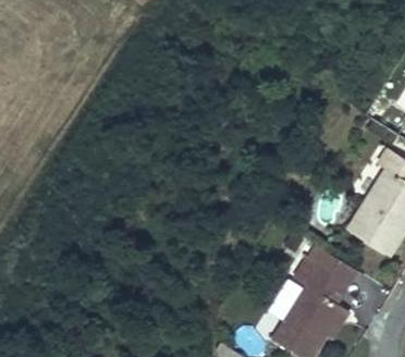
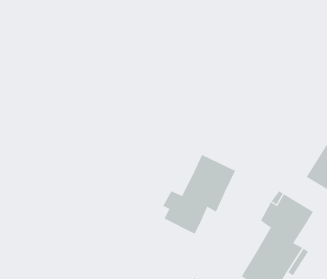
building: none -> [162,154,236,235]

